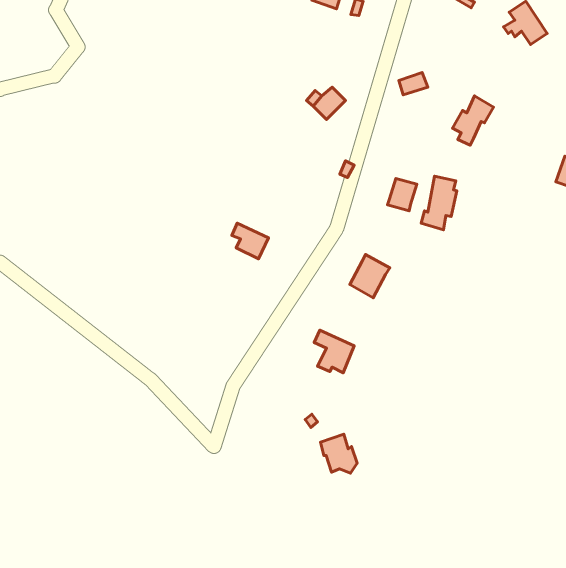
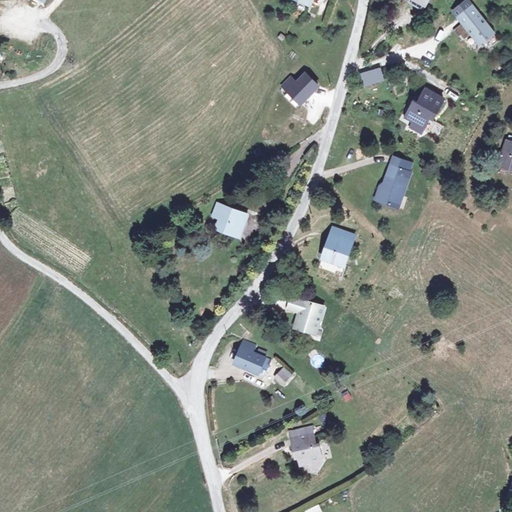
building: [388,178,417,211] -> none
building: none -> [232,339,267,377]
building: [320,434,357,473] -> [287,430,320,465]

